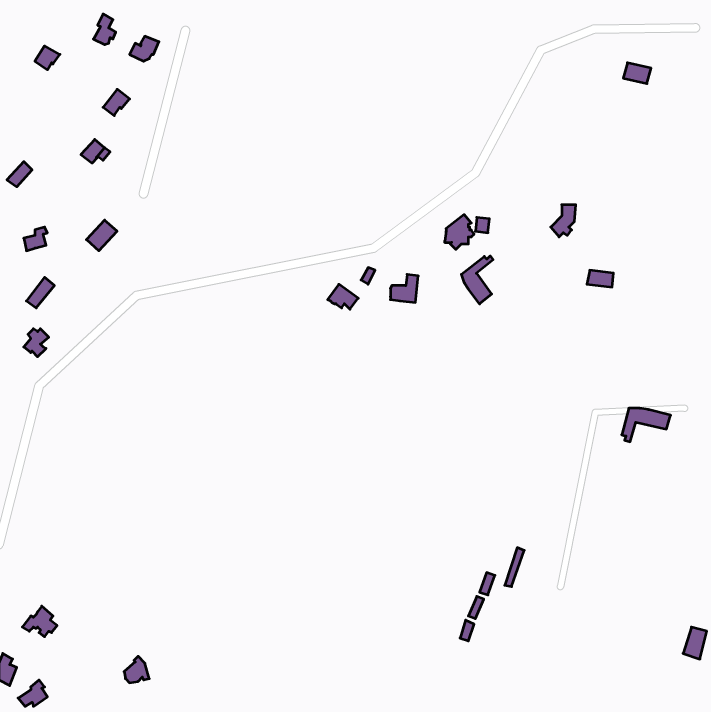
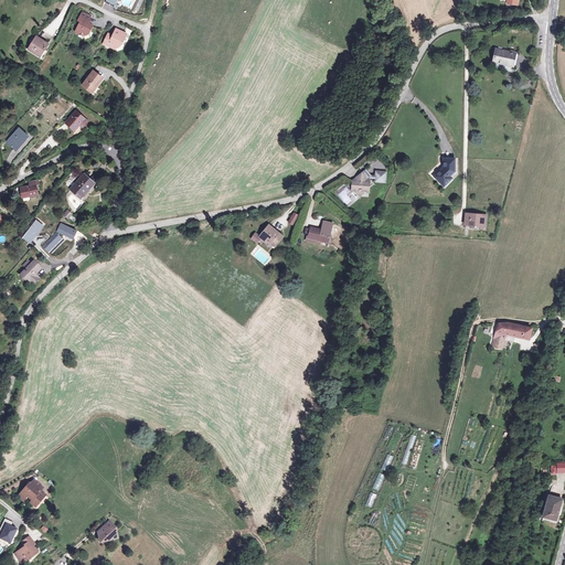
building: [461,256,493,304] -> none
building: none -> [41,223,76,255]

